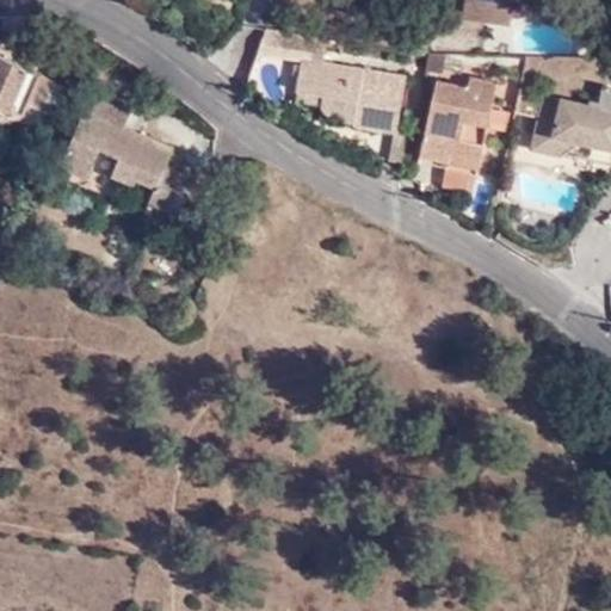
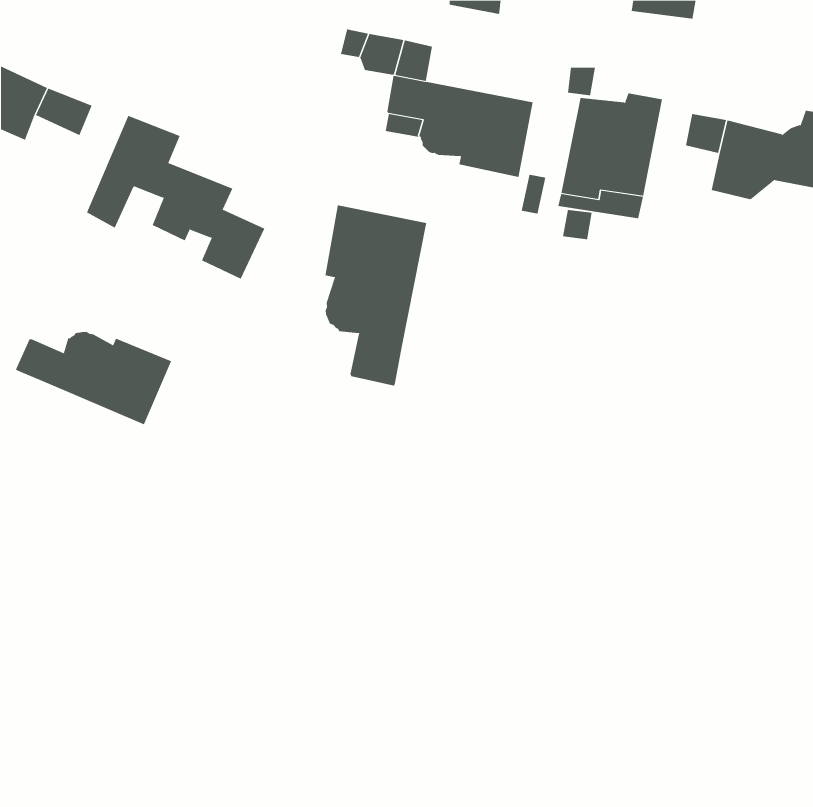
building: none -> [325,205,427,386]
building: none -> [15,331,172,425]

